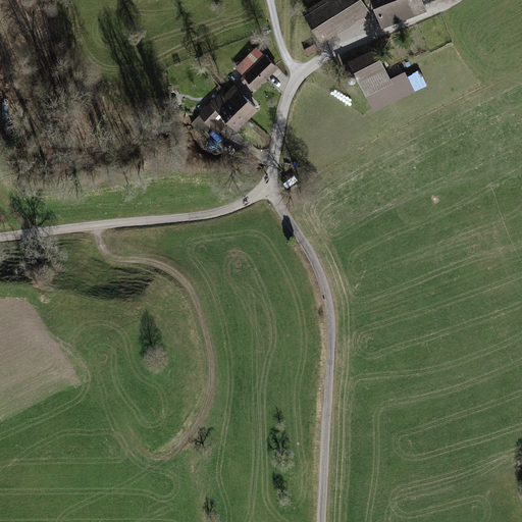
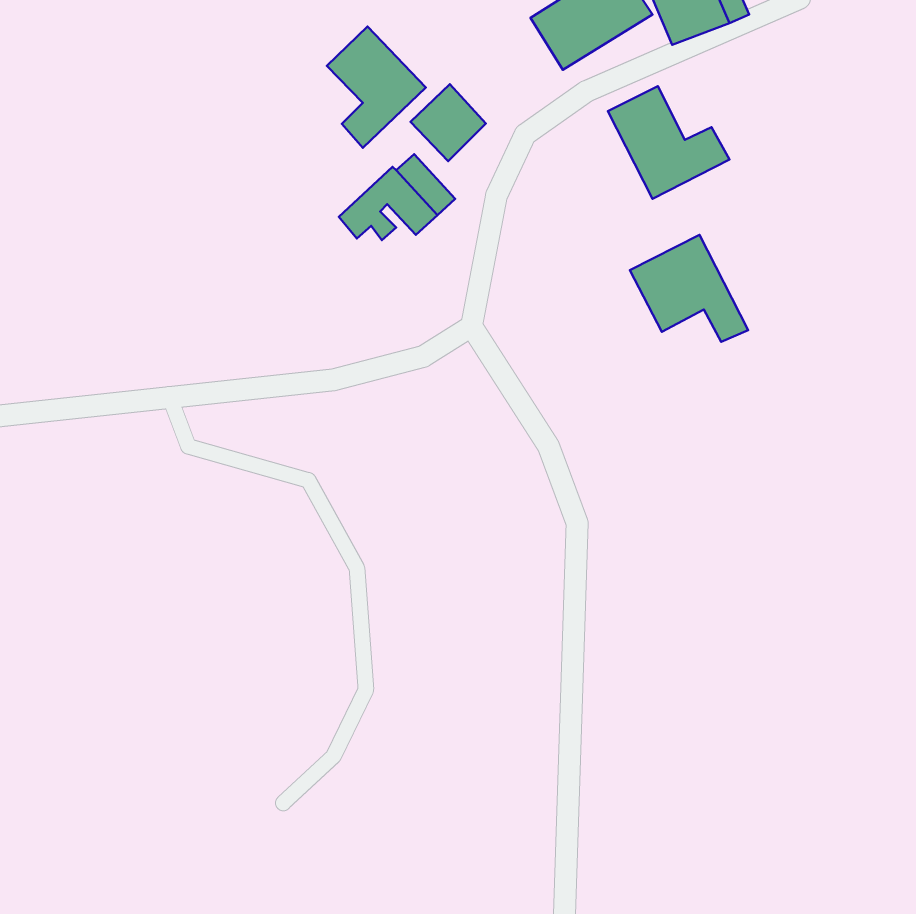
building: none -> [327,26,426,148]
building: none -> [630,235,748,342]

